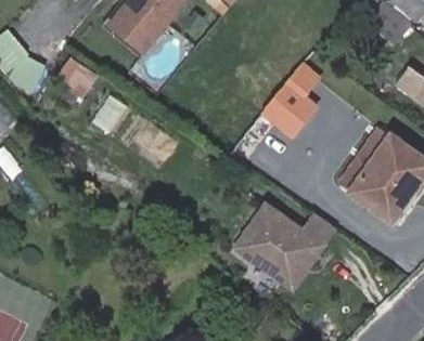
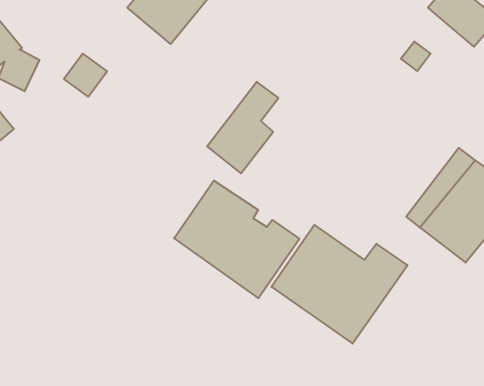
building: [265,58,322,132] -> [207,82,278,173]
building: none -> [174,181,299,298]

